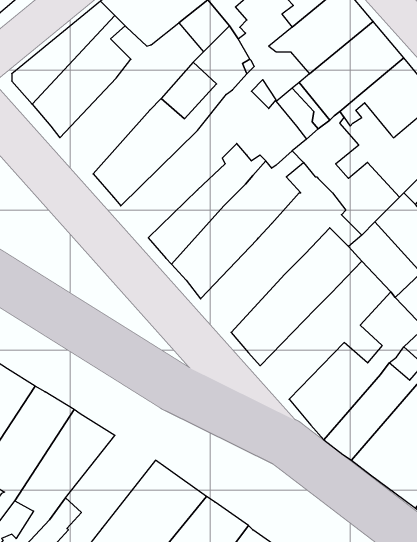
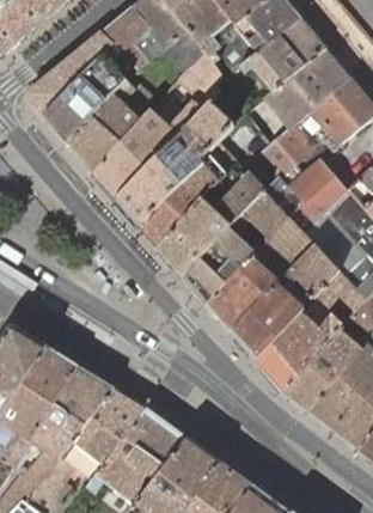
building: none -> [67,67,149,173]
building: none -> [117,104,233,226]
building: none -> [183,176,302,304]
building: none -> [232,245,340,359]
building: none -> [72,389,146,465]

